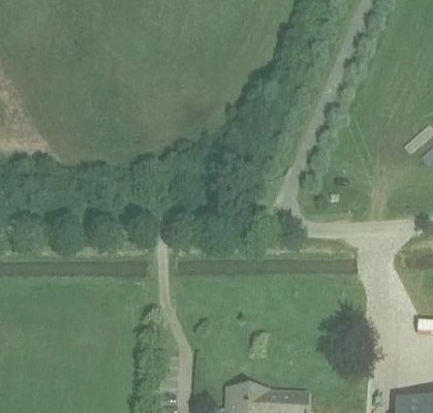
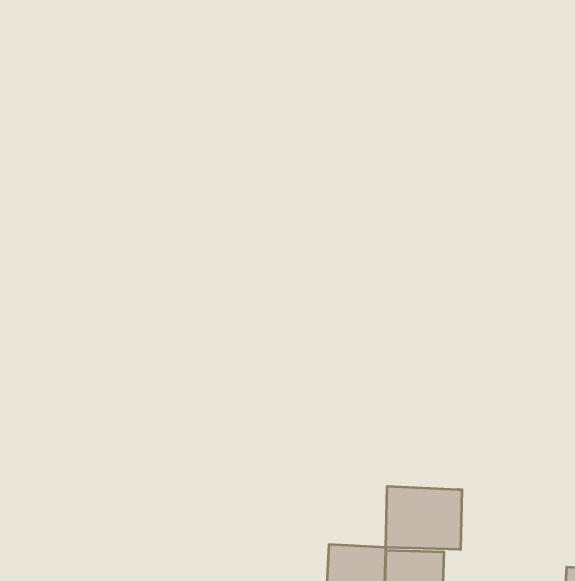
building: none -> [386,486,462,550]

